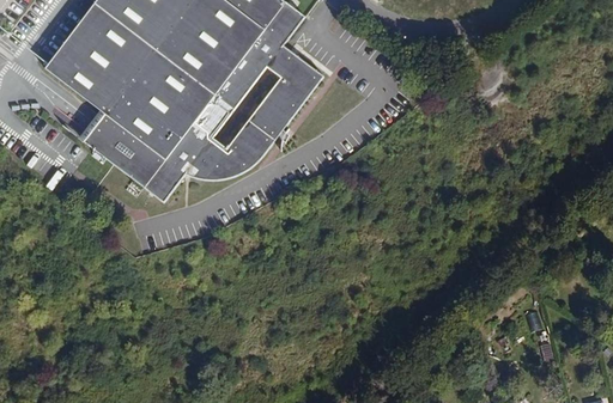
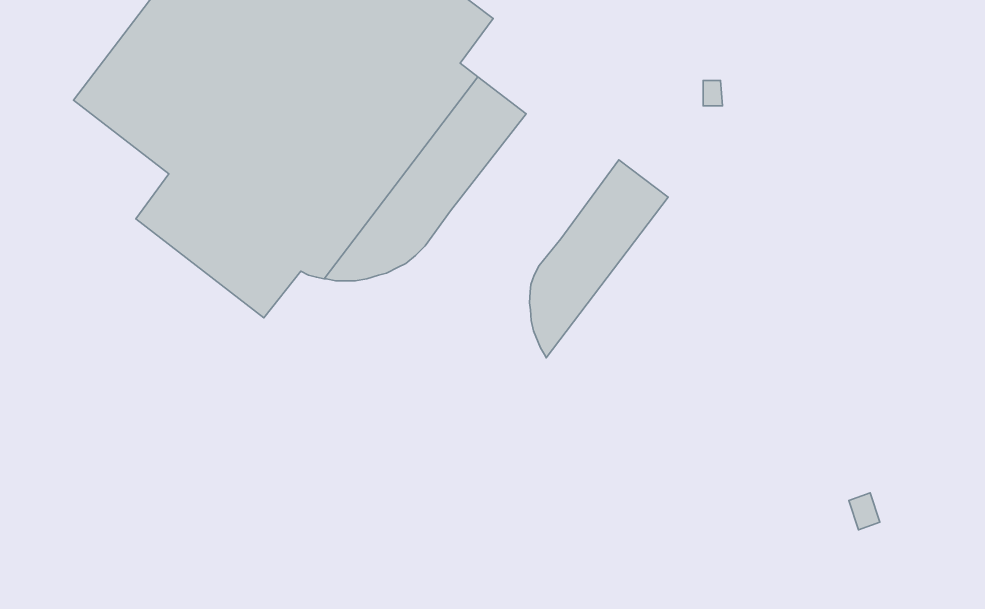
building: none -> [529,160,668,358]

